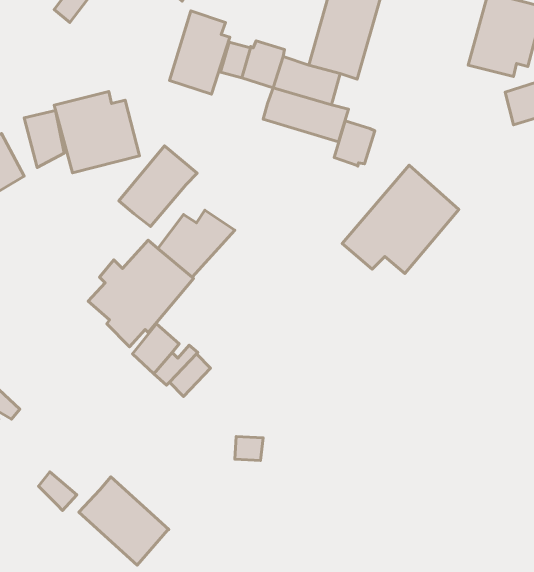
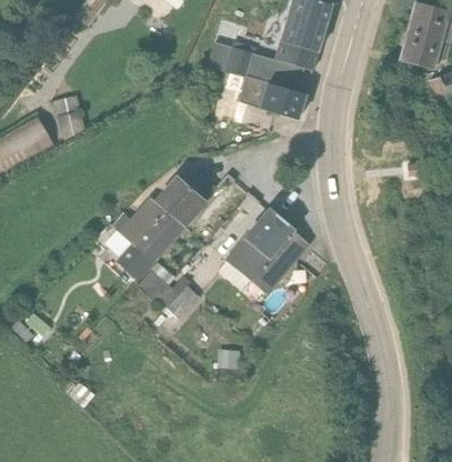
building: [169,11,230,94] -> none
building: [54,91,139,173] -> none
building: [334,121,375,166] -> none
building: [119,146,197,226] -> none
building: [342,165,459,273] -> [218,209,309,293]
building: [79,477,169,565] -> none

